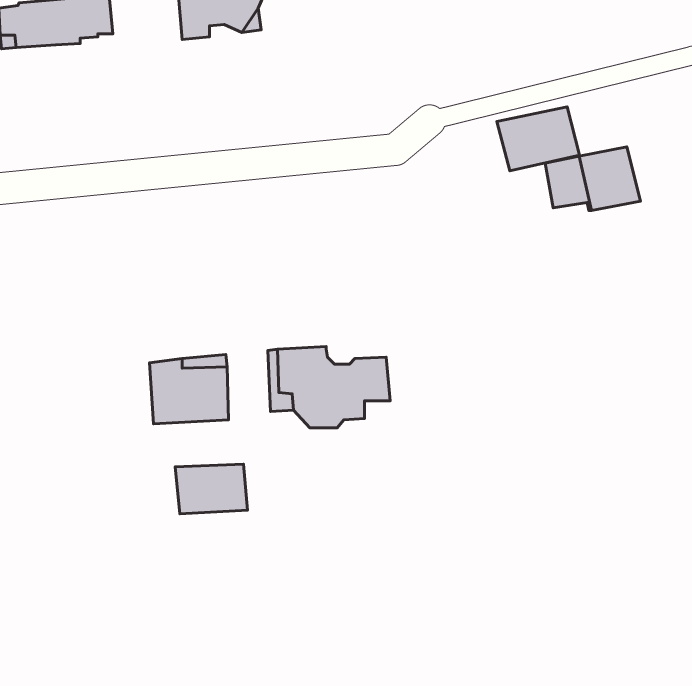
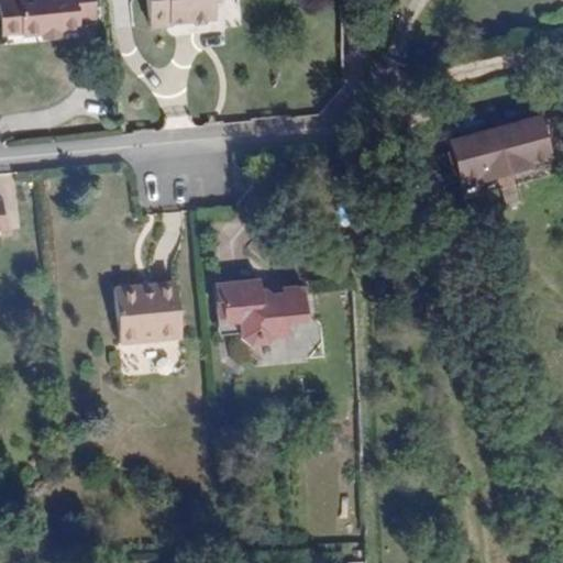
building: [497,107,579,171] -> none
building: none -> [507,113,544,163]
building: [175,464,247,514] -> none

